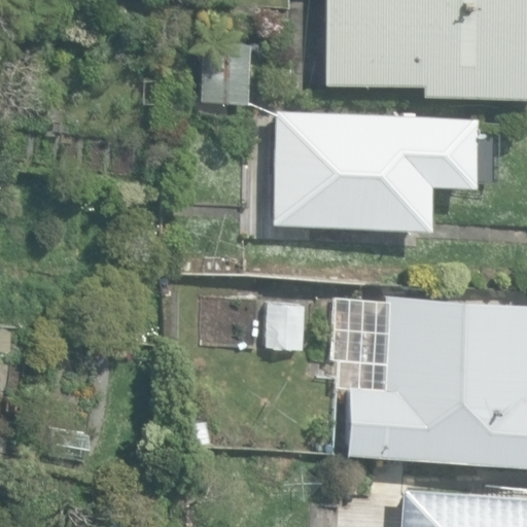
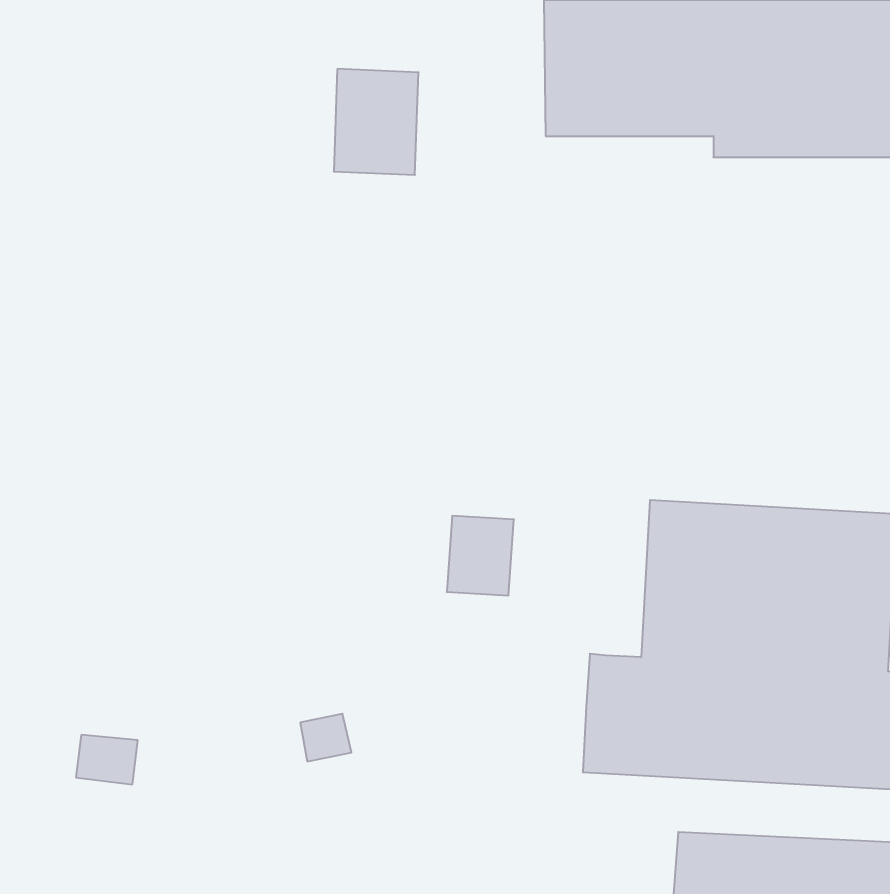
building: [274,113,475,230] -> none

